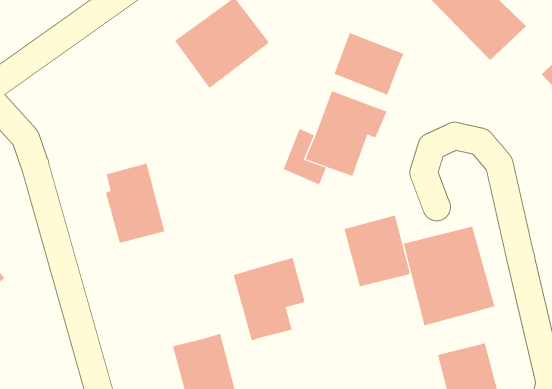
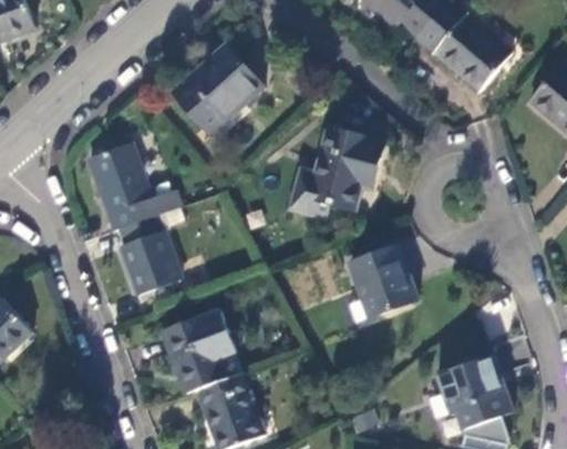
building: [334,32,404,95] -> none
building: none -> [85,144,179,229]
building: [403,226,495,326] -> none
building: [233,257,305,341] -> [162,309,234,394]

